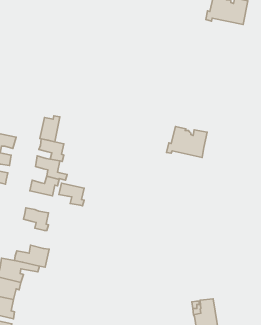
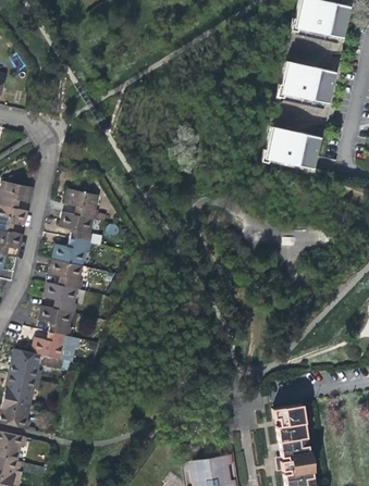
building: none -> [275,63,331,103]
building: [40,116,60,142] -> none
building: [166,127,207,157] -> [261,127,316,169]
building: [59,183,84,206] -> [50,259,84,289]
building: none -> [39,304,73,336]

